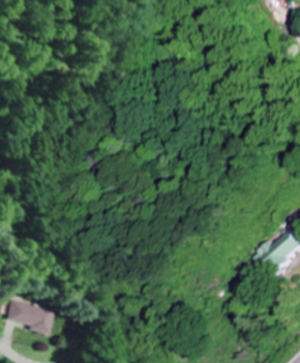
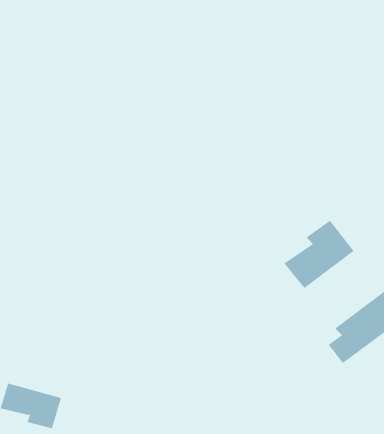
building: none -> [284,220,355,289]

